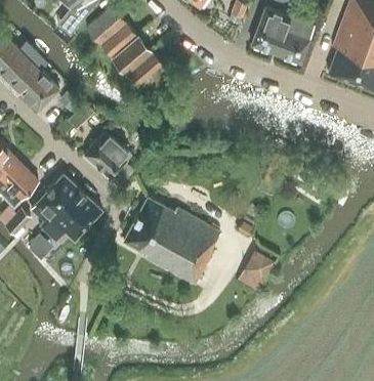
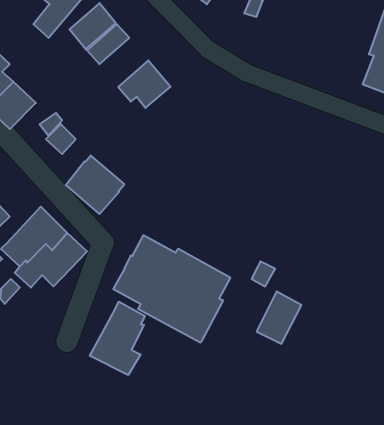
building: [251,8,311,62] -> none
building: [113,37,150,73] -> none
building: none -> [90,302,145,375]

